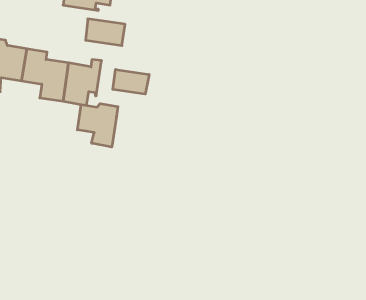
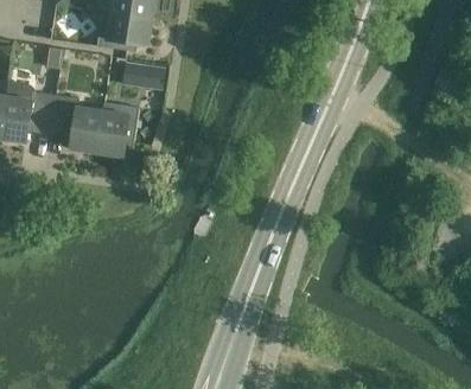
building: [113,69,149,94] -> none
building: [77,104,118,147] -> none

